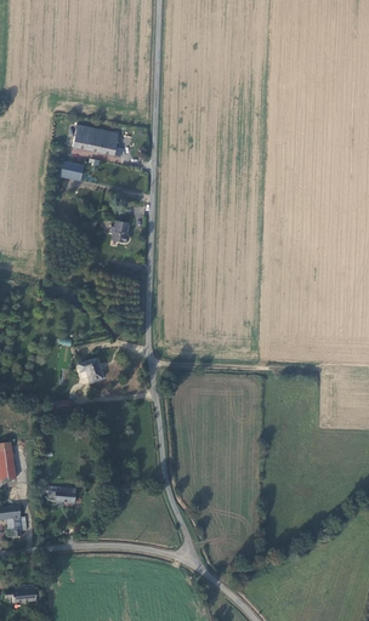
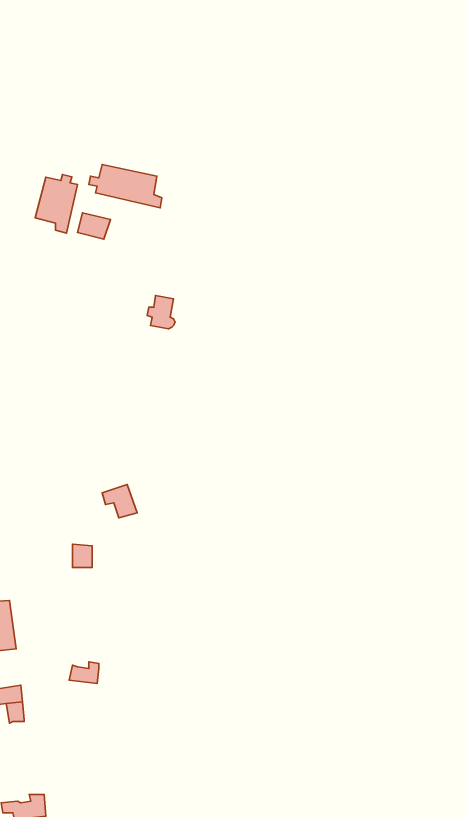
building: none -> [35,174,78,233]

